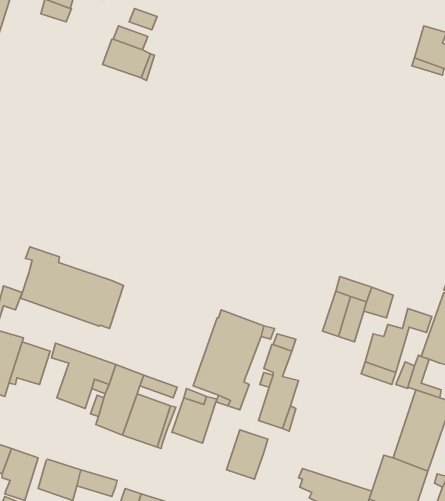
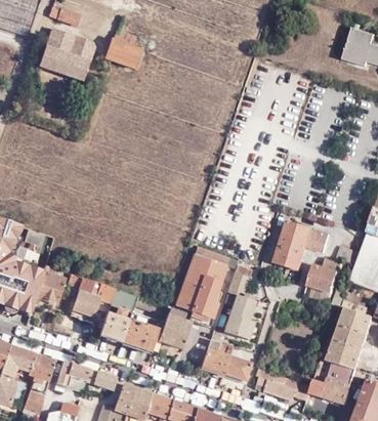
building: none -> [40,29,92,79]
building: [20,247,124,329] -> none
building: none -> [222,355,249,381]

